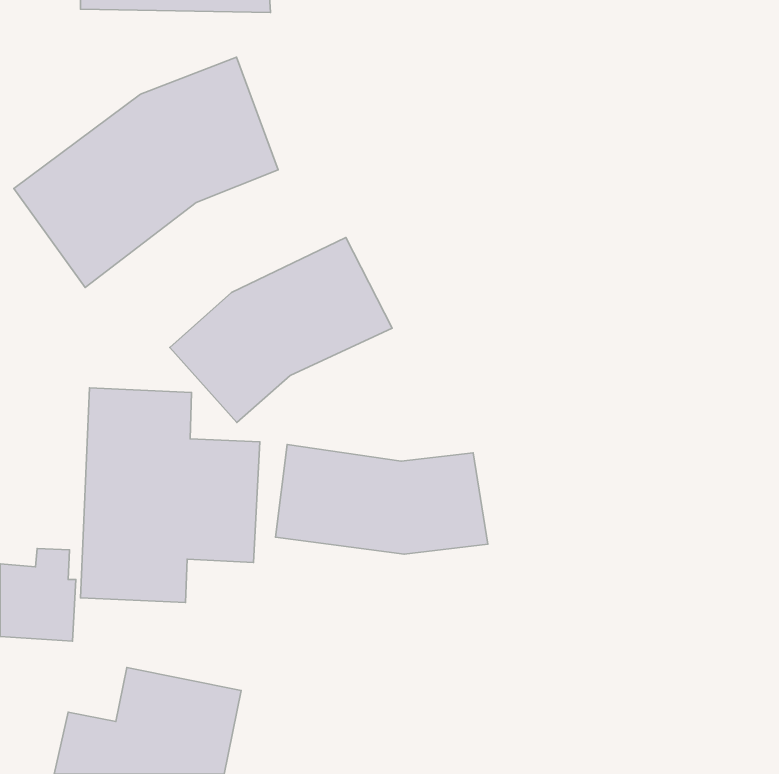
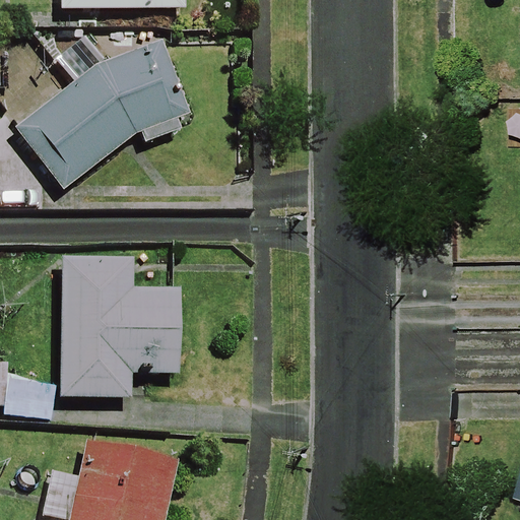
building: [170,237,392,422] -> none
building: [276,445,488,554] -> none

